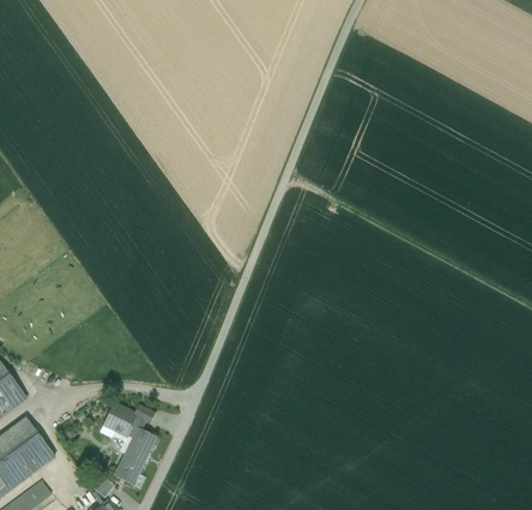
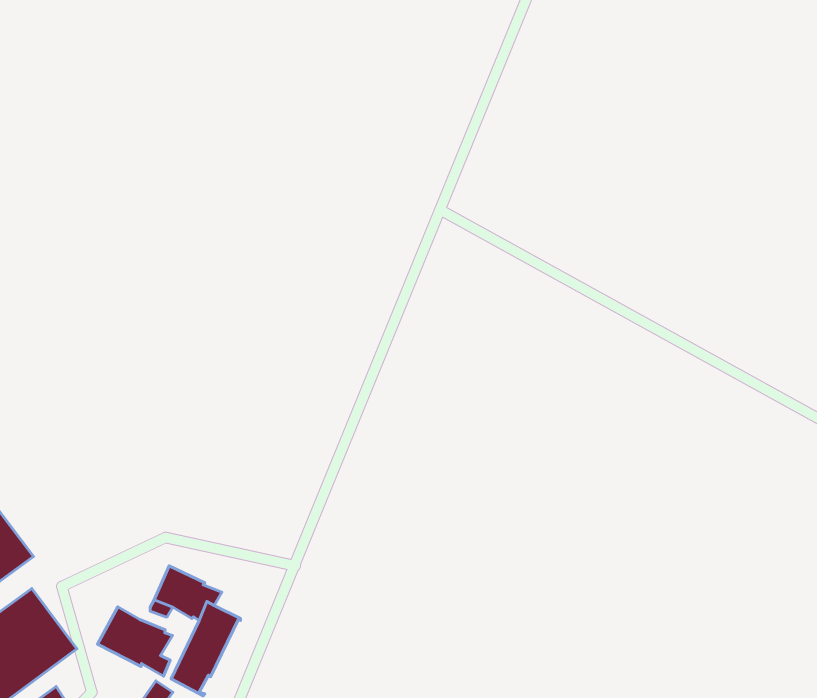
building: none -> [98,607,173,676]

